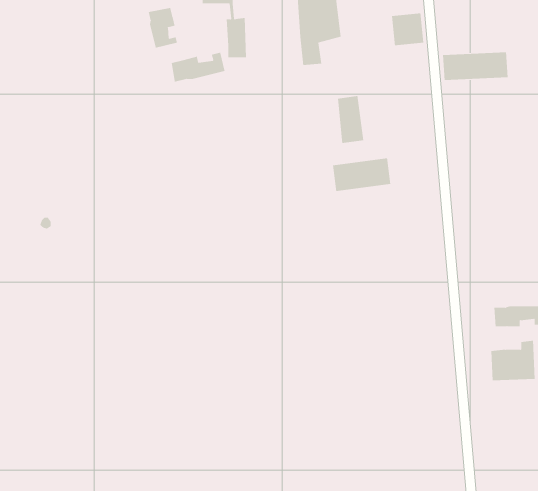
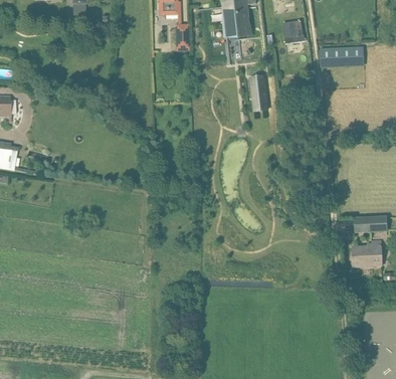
building: [148,7,178,49] -> none
building: [171,52,225,82] -> none
building: [333,157,391,192] -> none

